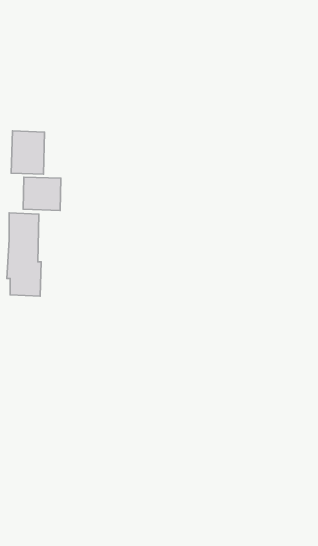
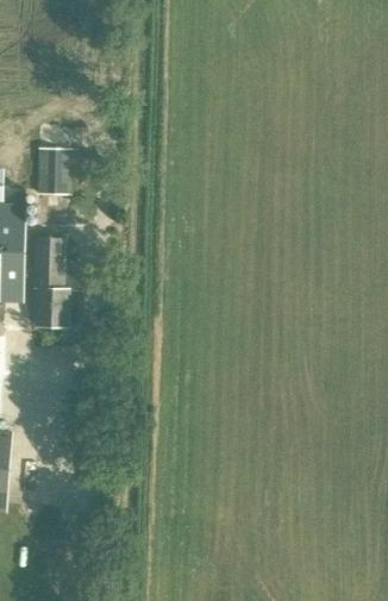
building: [23,177,61,210] -> none

